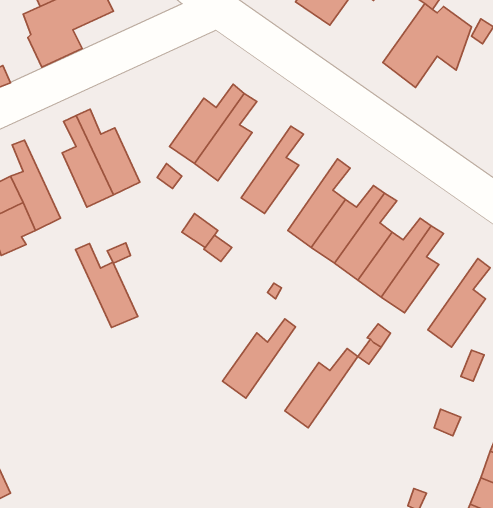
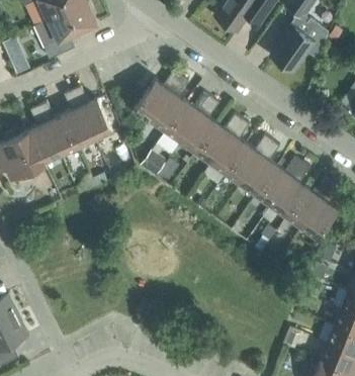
building: none -> [164,92,211,144]
building: [76,243,138,327] -> [38,102,79,157]
building: [222,319,296,398] -> [194,113,242,165]
building: [285,349,358,428] -> [285,178,333,229]

